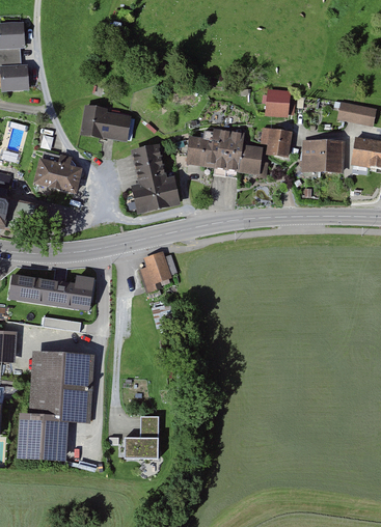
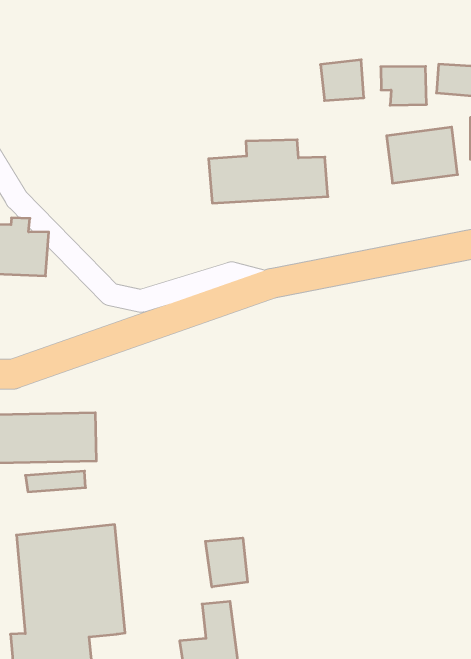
building: [80,104,131,140] -> none
building: [262,127,292,155] -> [381,66,427,105]
building: [132,144,182,214] -> none
building: [140,251,171,290] -> none
building: none -> [205,538,248,587]

